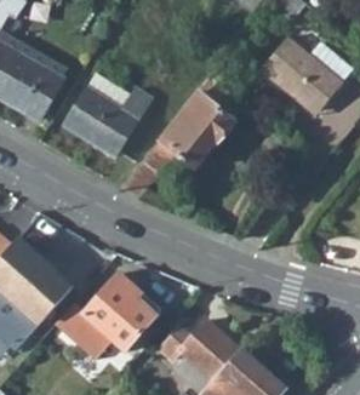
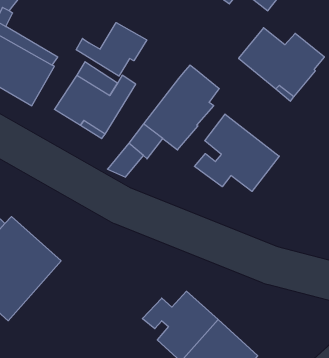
building: none -> [76,23,147,76]
building: none -> [194,114,279,191]
building: [55,275,160,361] -> none

